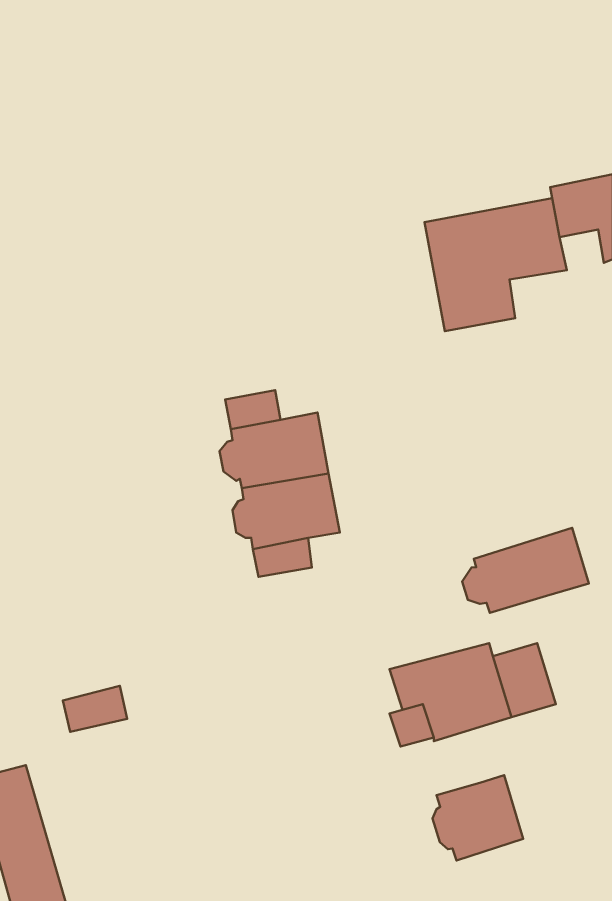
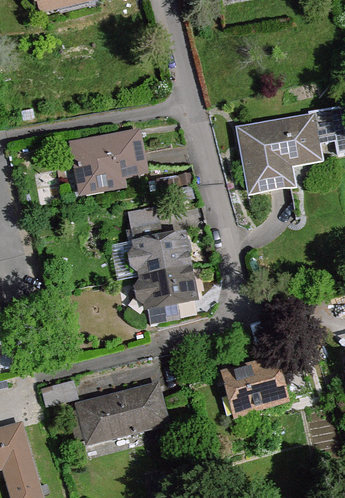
building: none -> [72,132,141,181]
building: [462,528,589,613] -> none
building: none -> [78,385,169,444]
building: [432,775,523,860] -> none

